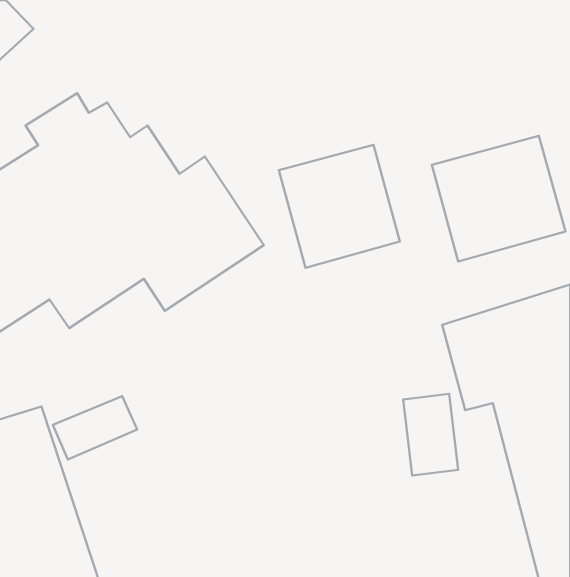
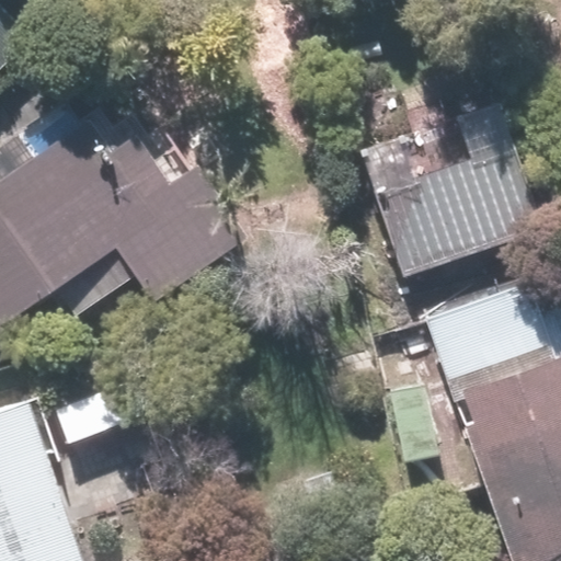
building: [279,145,400,268] -> none

